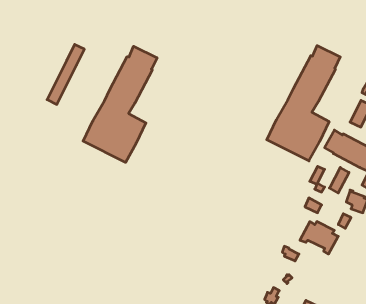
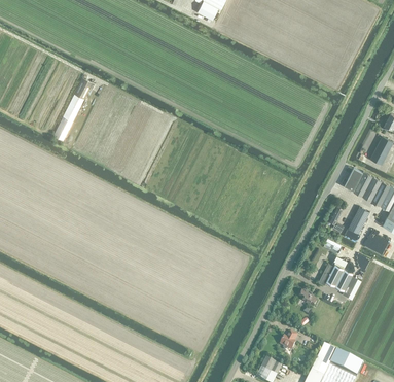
building: [267,46,340,161] -> none
building: [83,46,157,162] -> none

